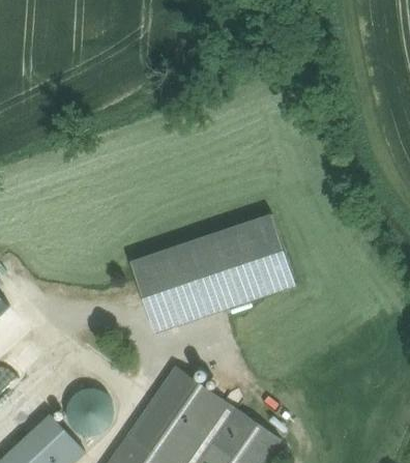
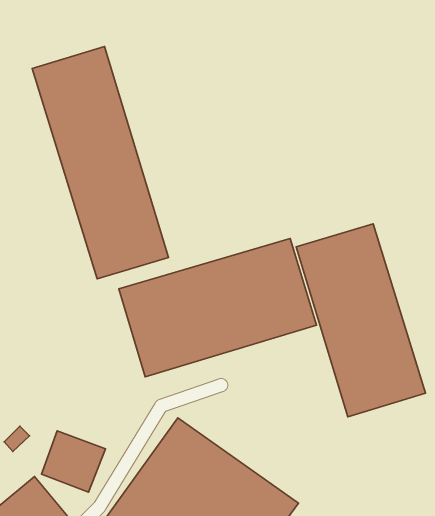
building: none -> [32,46,169,279]
building: none -> [296,224,426,417]

